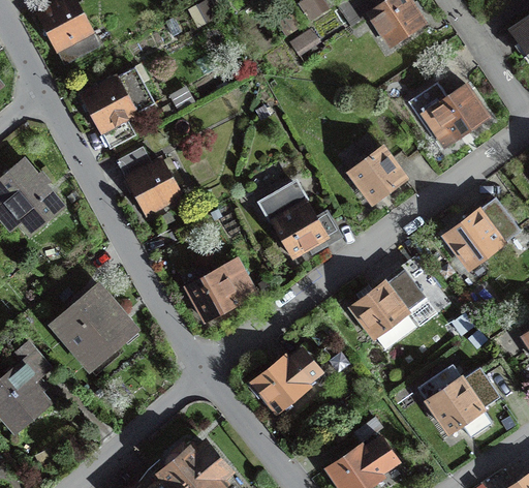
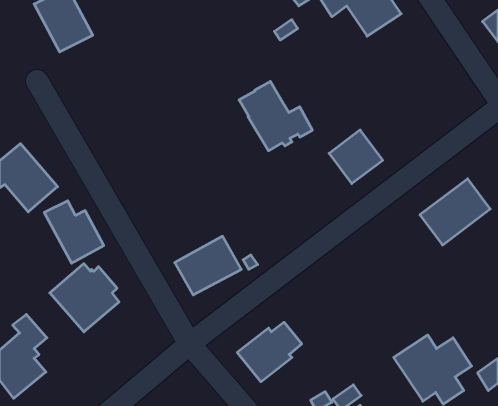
building: [81,67,154,149] -> none
building: [407,84,487,150] -> none
building: [117,149,180,215] -> [44,201,104,263]
building: [261,184,339,257] -> [239,81,312,151]
building: [349,260,448,349] -> none

